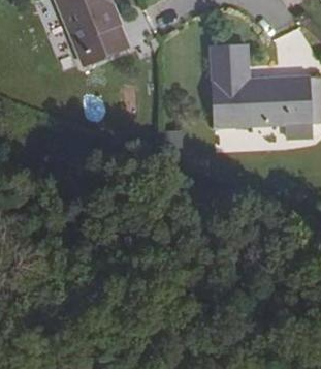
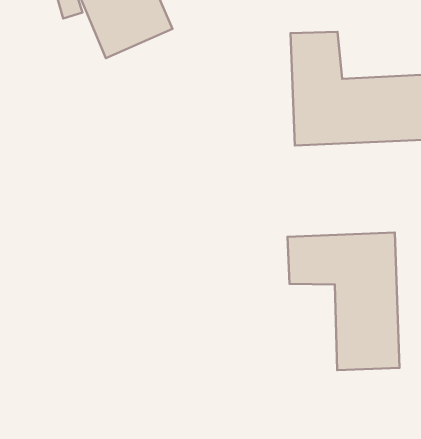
building: none -> [287,233,399,370]

